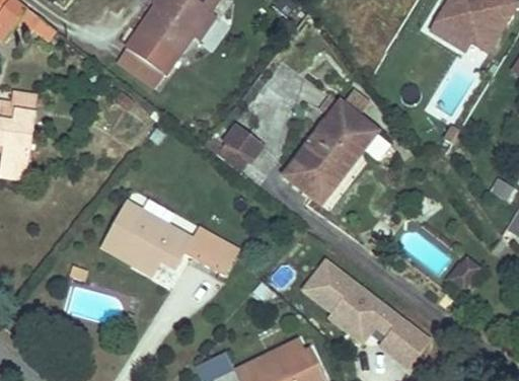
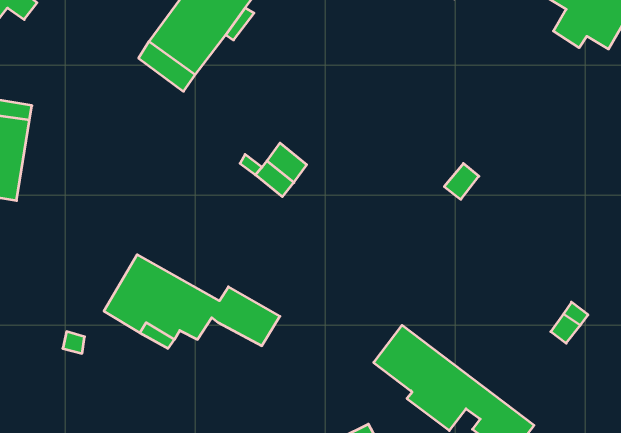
building: [279,93,373,195] -> none

